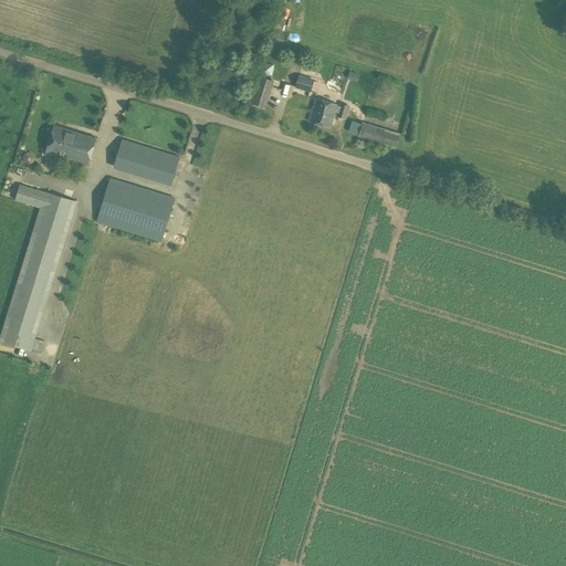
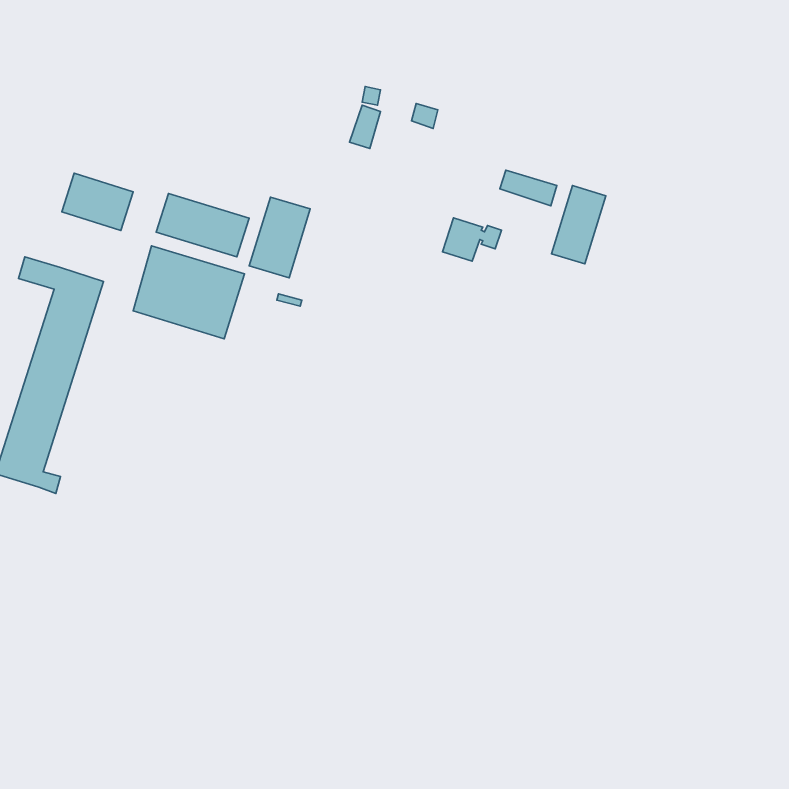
building: [307,96,349,127] -> [443,218,501,261]
building: none -> [551,186,606,264]
building: none -> [249,197,310,278]

